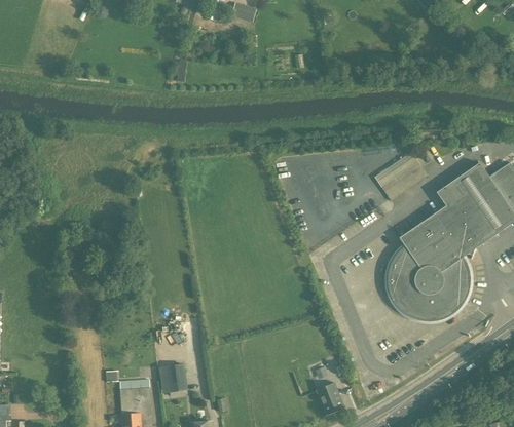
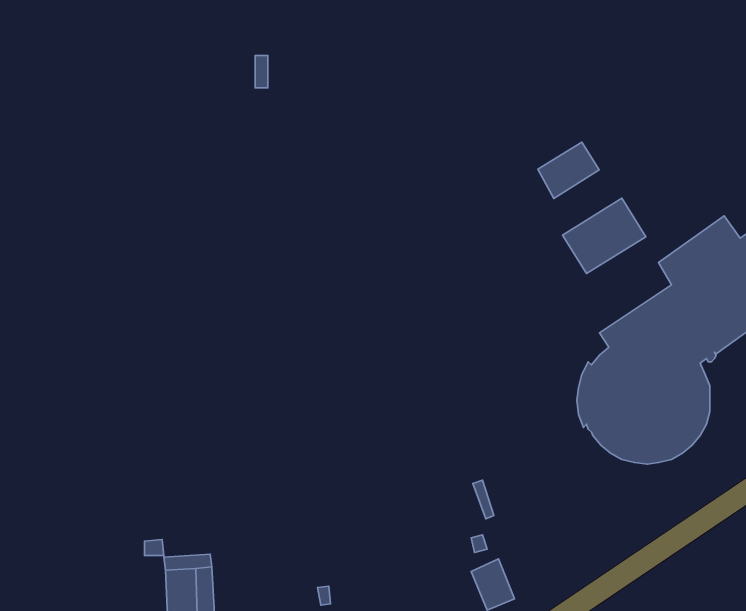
building: none -> [538,142,599,199]
building: [164,362,187,391] -> none

